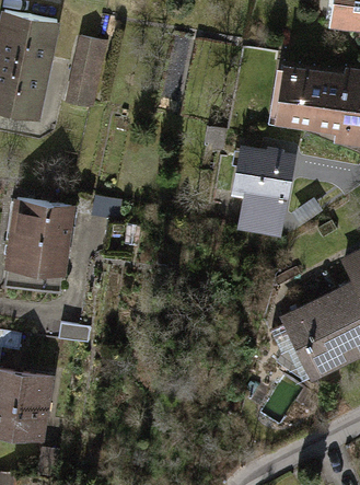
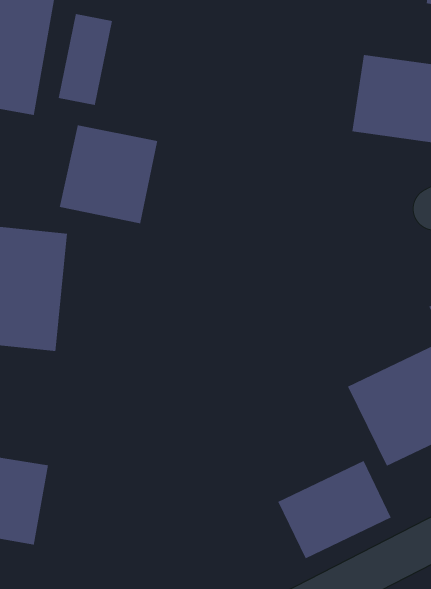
building: none -> [59,125,158,224]
building: [236,148,297,238] -> none
building: none -> [278,460,392,559]

